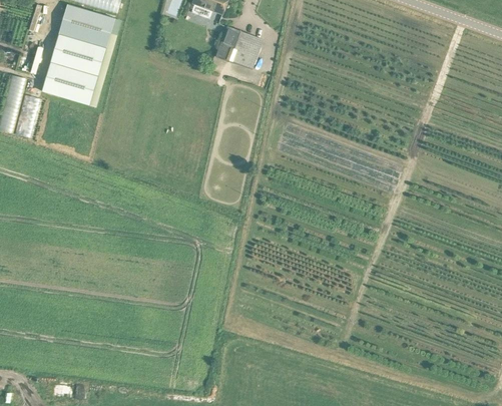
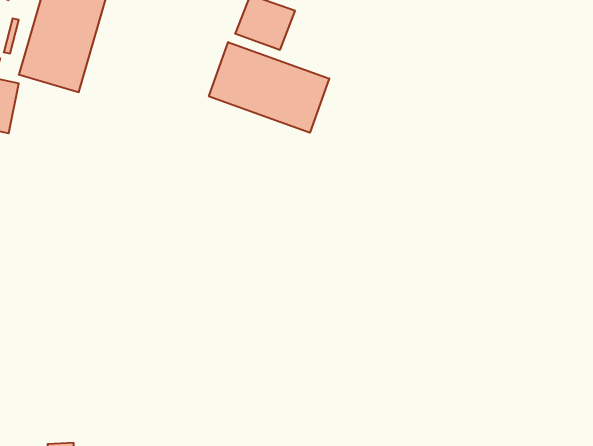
building: none -> [209,42,329,133]

